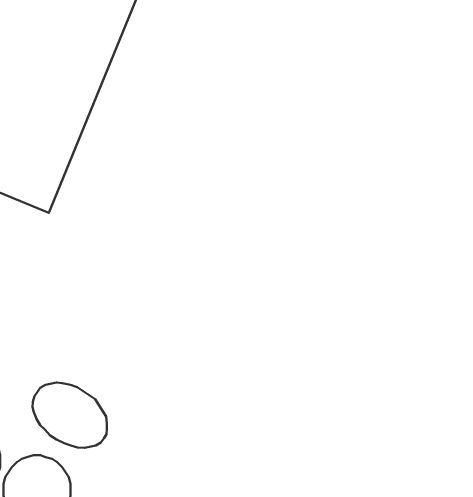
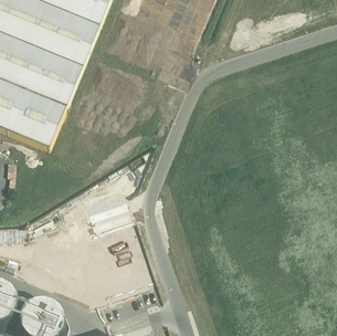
building: [33,383,107,448] -> none

